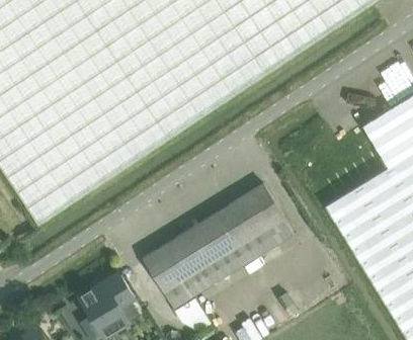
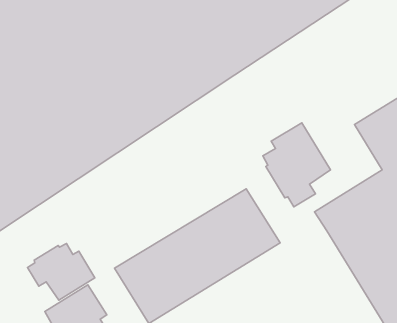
building: none -> [263,123,330,207]
building: none -> [28,244,95,300]

